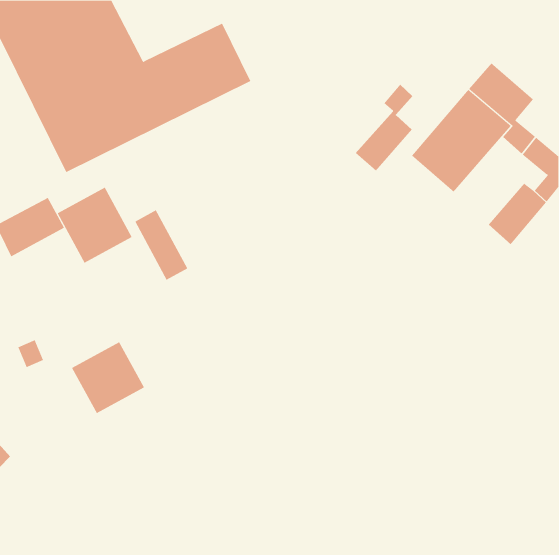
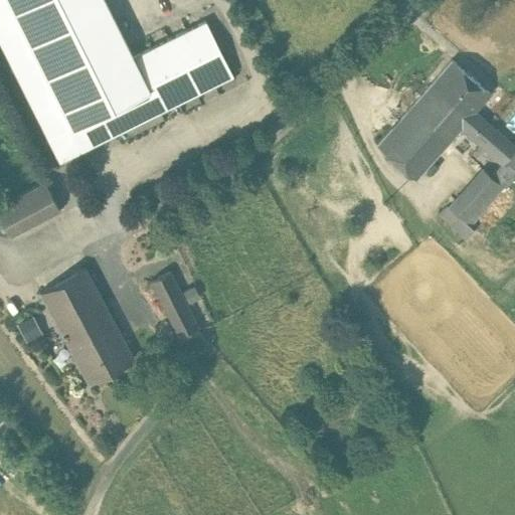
building: [355,84,413,171] -> none
building: [57,187,133,264] -> [40,272,110,342]
building: [134,209,188,281] -> [149,274,198,339]

